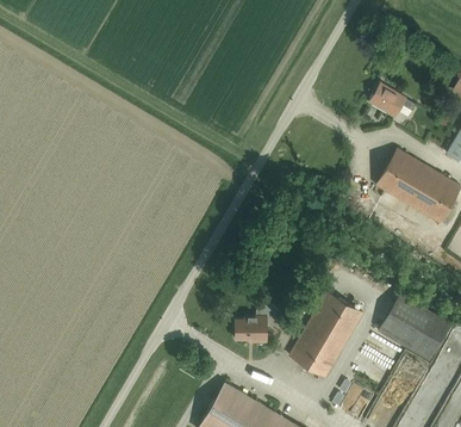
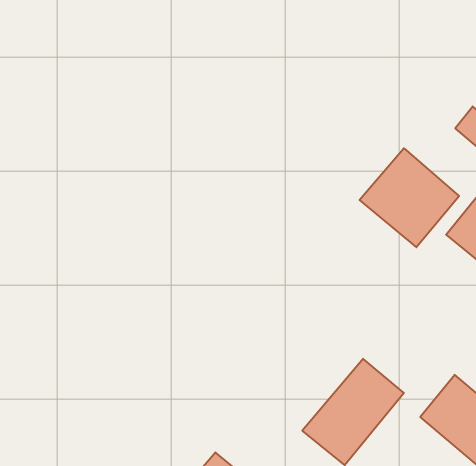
building: none -> [360,148,459,247]
building: [236,299,280,342] -> none

